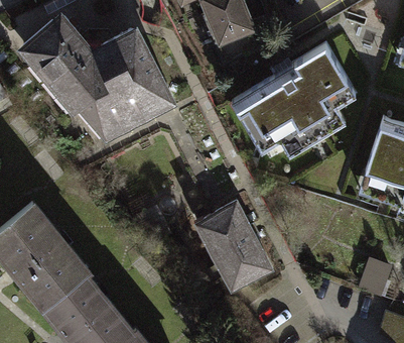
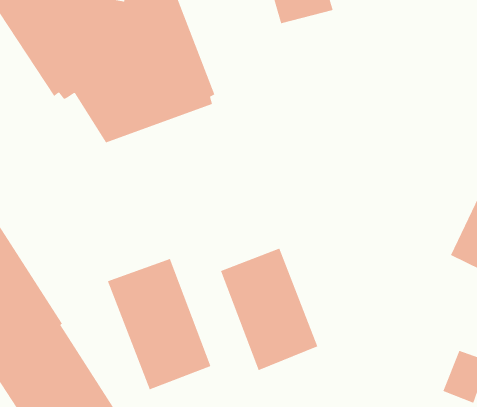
building: [232,45,357,156] -> none
building: none -> [107,258,211,390]

